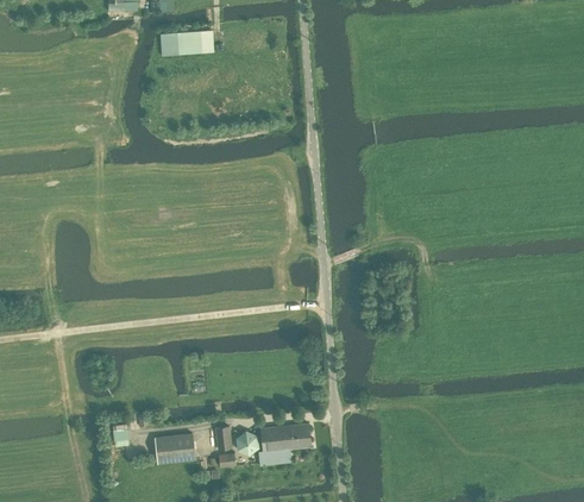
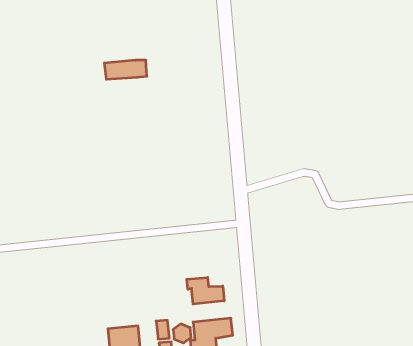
building: [161,31,214,55] -> [104,60,147,79]
building: none -> [187,277,224,304]

